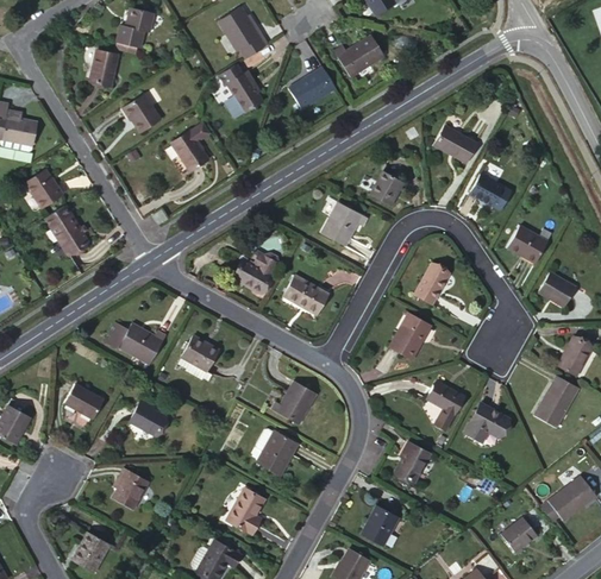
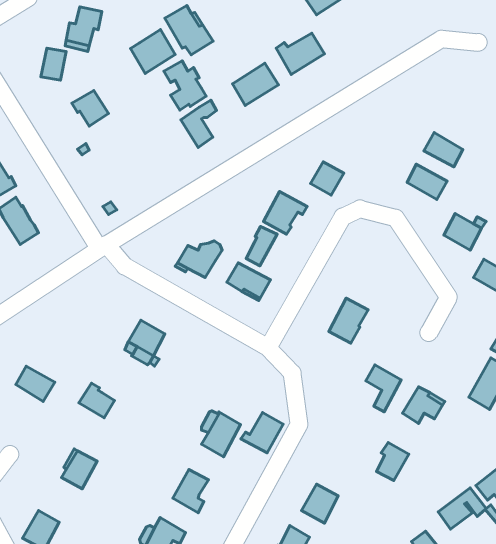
building: none -> [131,30,175,73]
building: [173,124,209,172] -> [181,100,216,147]
building: [436,125,476,161] -> [424,132,463,167]
building: none -> [246,226,277,266]
building: [414,263,447,302] -> none
building: [105,321,165,363] -> none
building: [271,380,315,422] -> [241,413,283,453]
building: [396,441,430,480] -> [377,443,409,481]

